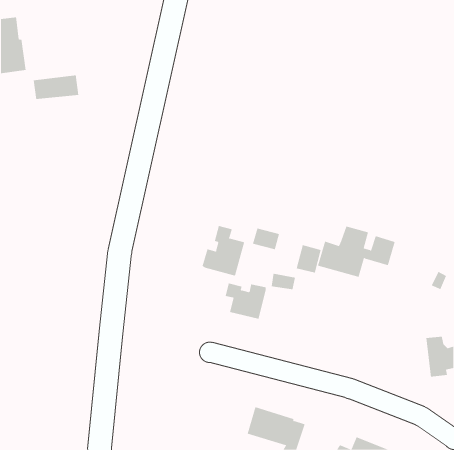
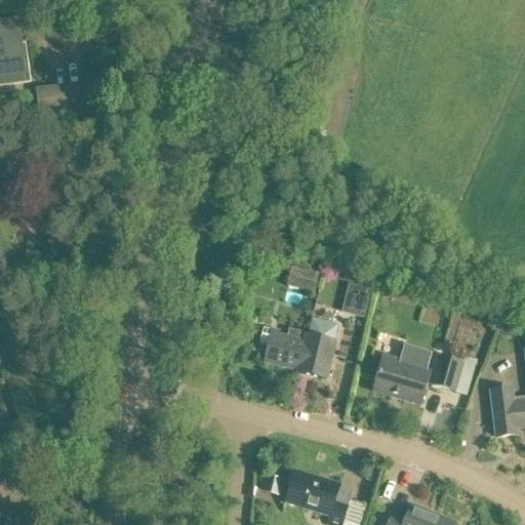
building: [202,225,245,277] -> none
building: [317,226,396,277] -> [372,344,462,403]
building: none -> [298,334,334,377]

